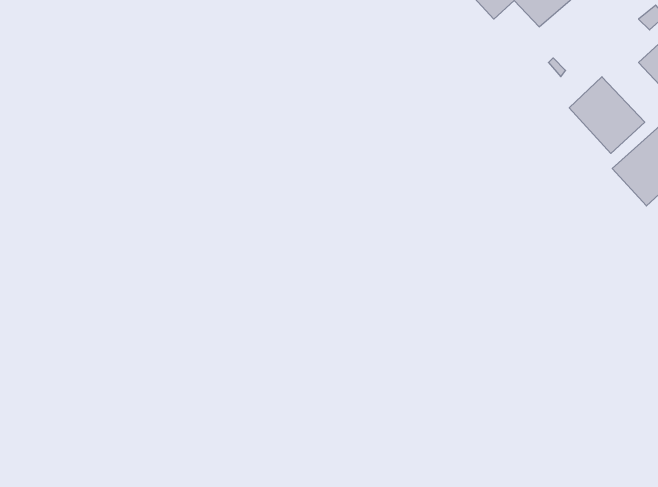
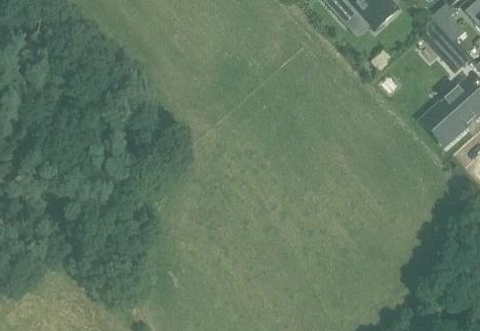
building: [569,77,645,153] -> none

